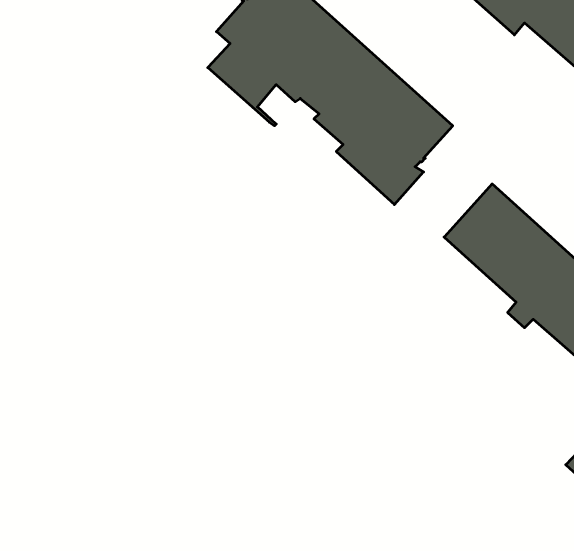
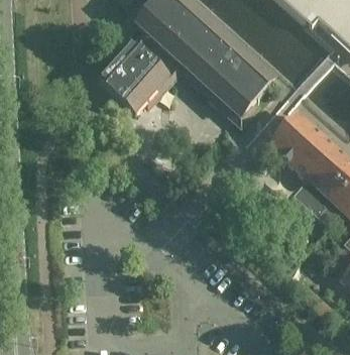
building: none -> [98,43,167,113]

